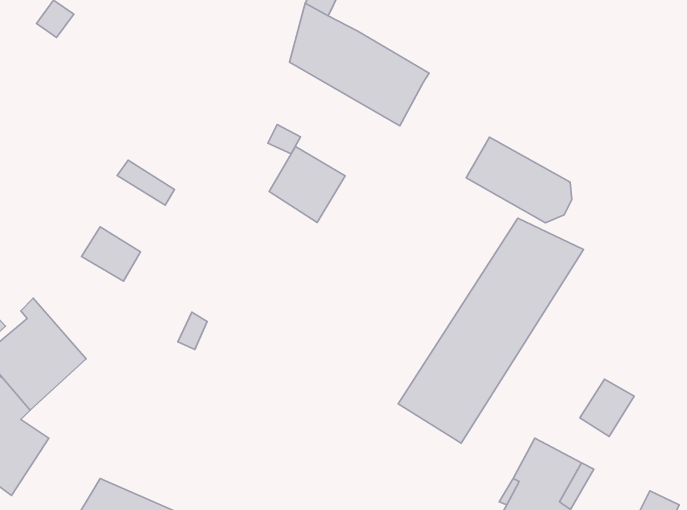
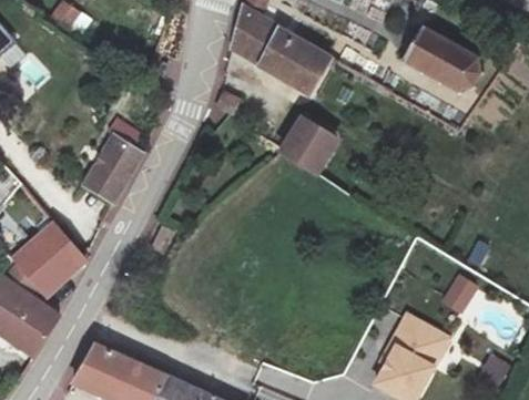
building: [466,137,572,223] -> [404,29,479,90]
building: [269,146,345,222] -> [282,119,336,173]
building: none -> [96,134,142,183]
building: [398,218,583,443] -> none

